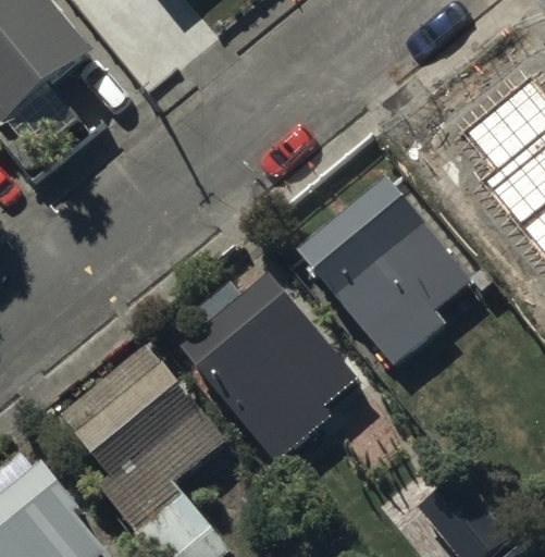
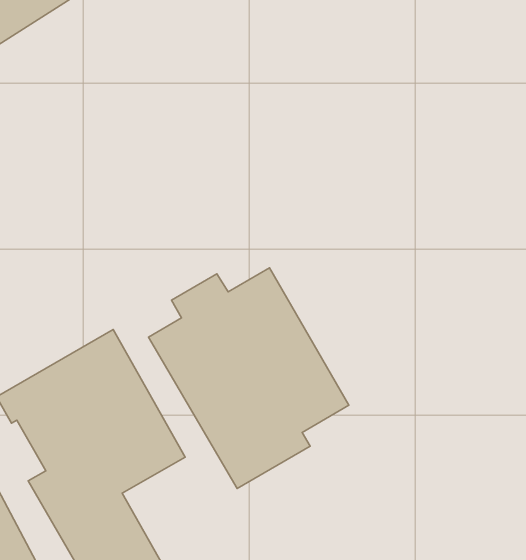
building: [297,173,475,367] -> none

